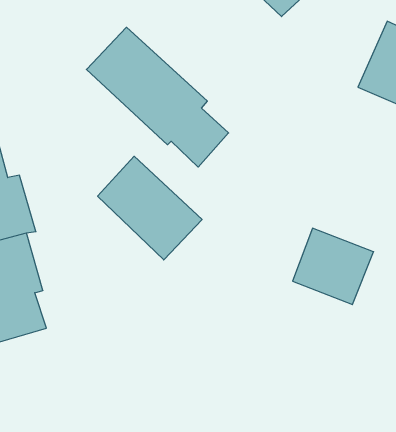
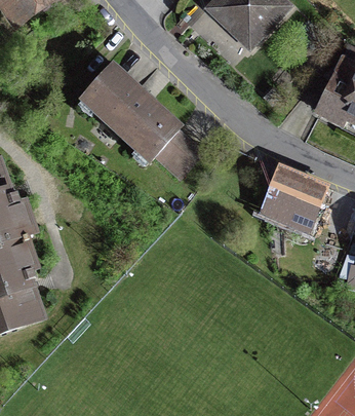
building: [98,156,202,260] -> none
building: [293,228,374,305] -> [258,166,328,233]

